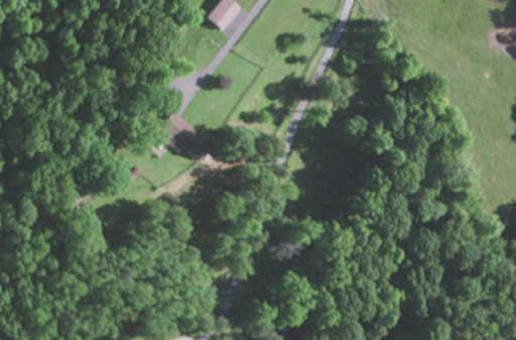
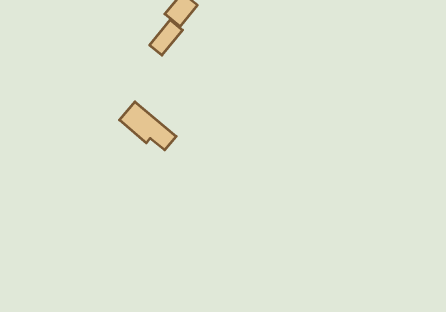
building: none -> [150,20,183,55]

